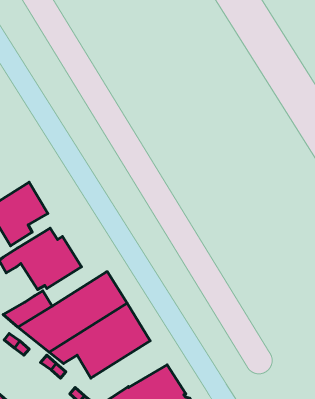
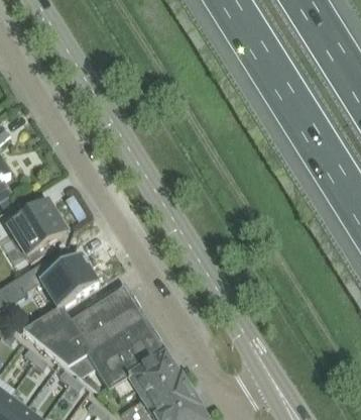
building: none -> [111,353,182,400]

